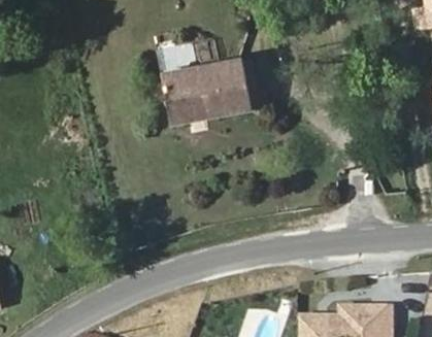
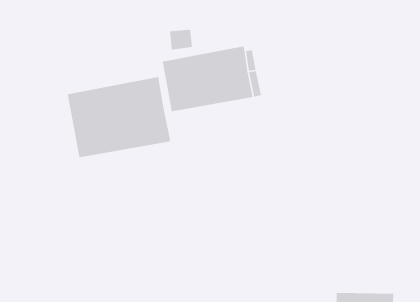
building: none -> [67,76,171,158]

